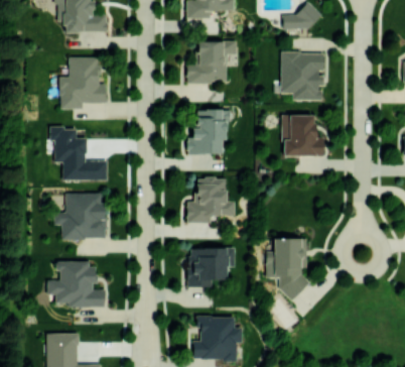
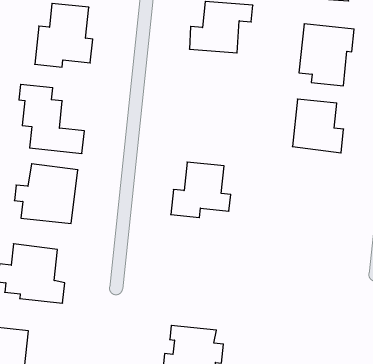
building: [187,109,233,153] -> none
building: [266,238,307,291] -> none
building: [188,247,229,287] -> none

